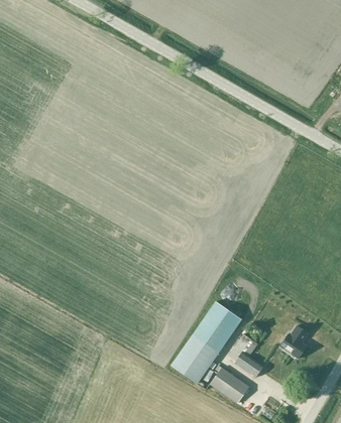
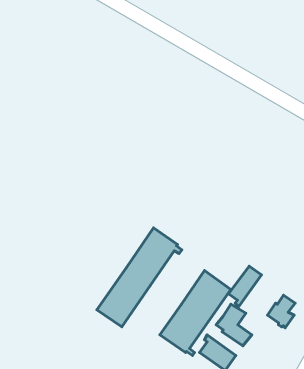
building: none -> [97,228,182,327]
building: none -> [229,266,261,306]

